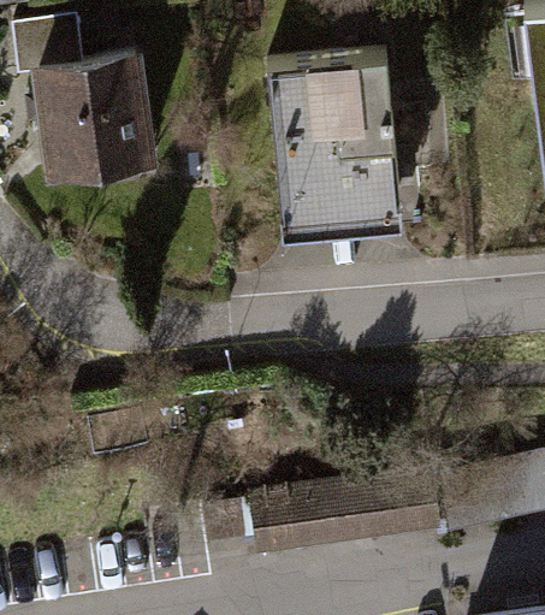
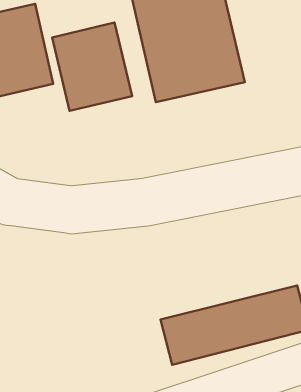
building: none -> [52,23,132,111]

